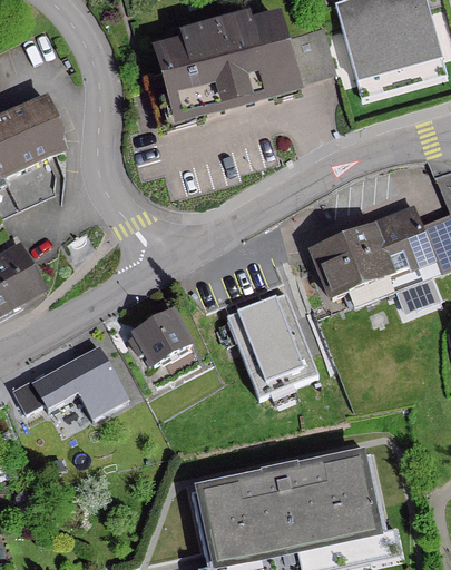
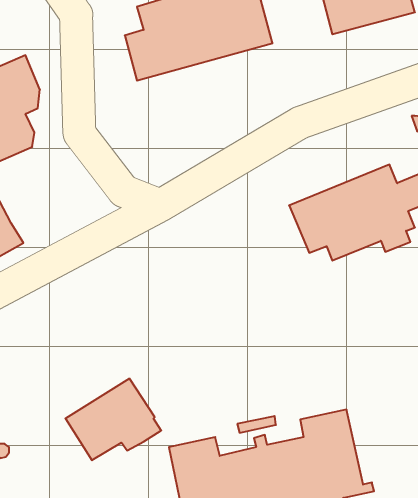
building: [232,286,320,390] -> none
building: [129,308,189,363] -> none
building: [29,340,126,422] -> [65,379,161,460]

